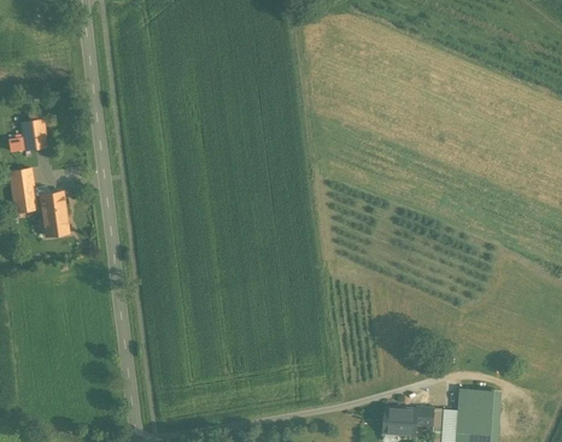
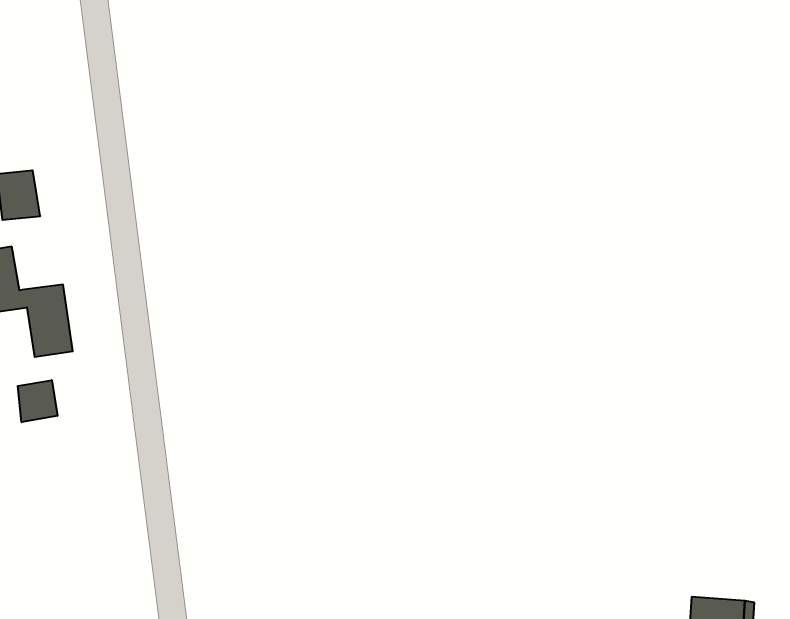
building: none -> [18,380,57,422]

